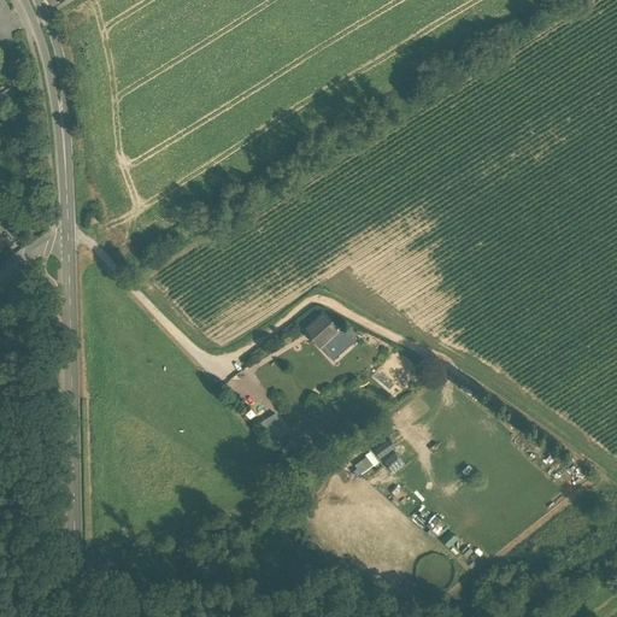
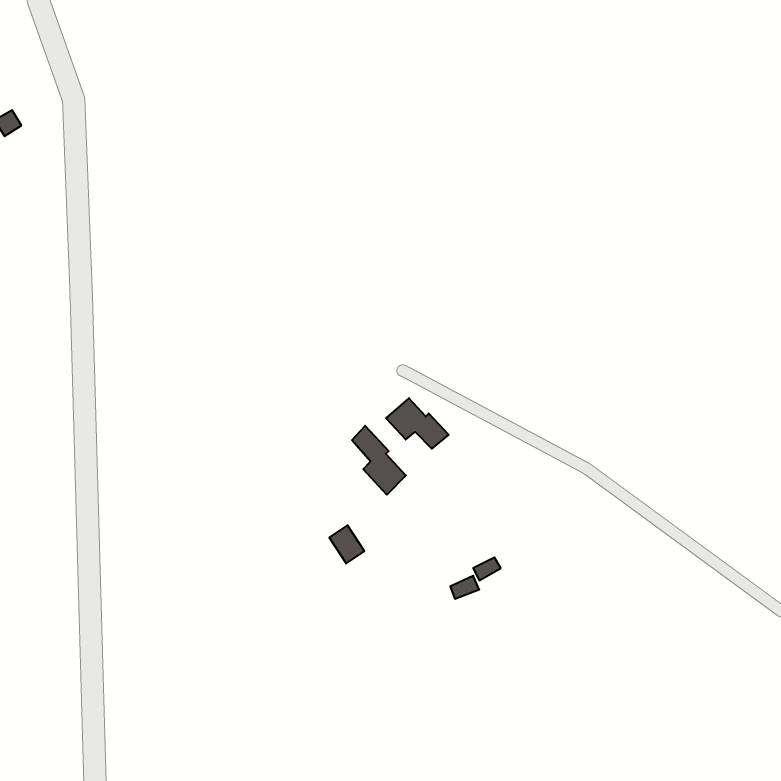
building: none -> [352,426,406,495]

